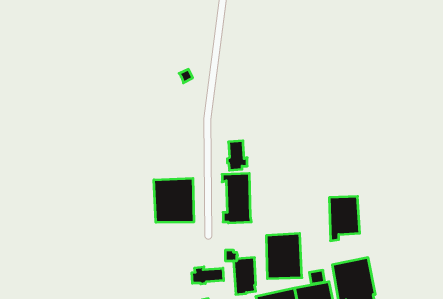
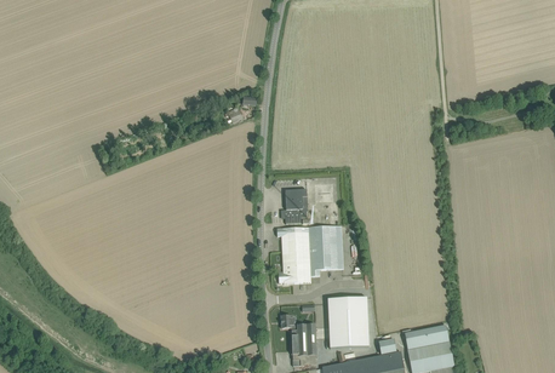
building: [154,178,194,222] -> none
building: [329,196,360,241] -> [308,225,343,276]
building: [192,267,224,284] -> none

